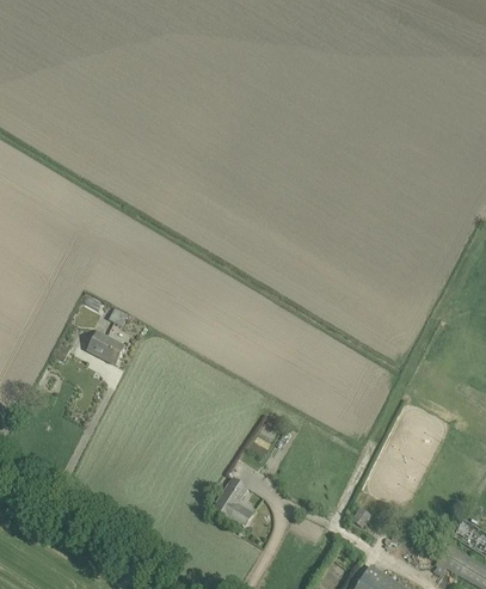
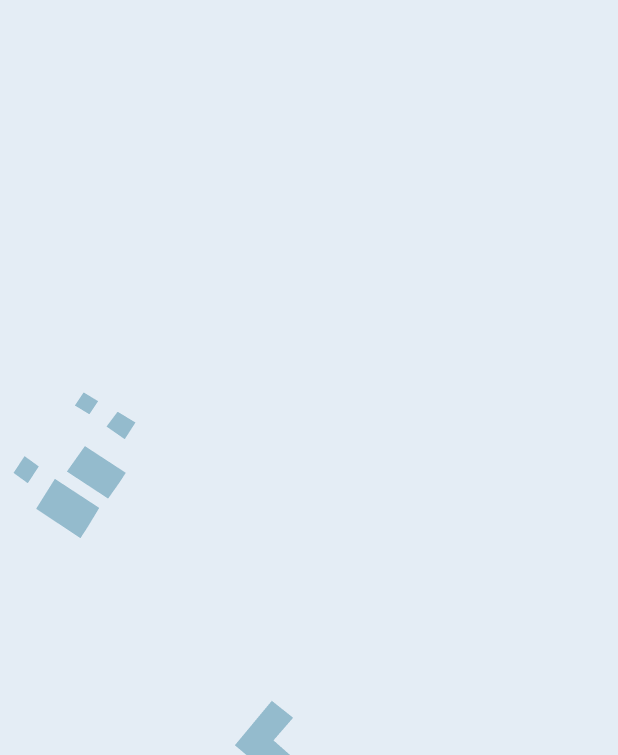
building: none -> [35,478,100,539]

